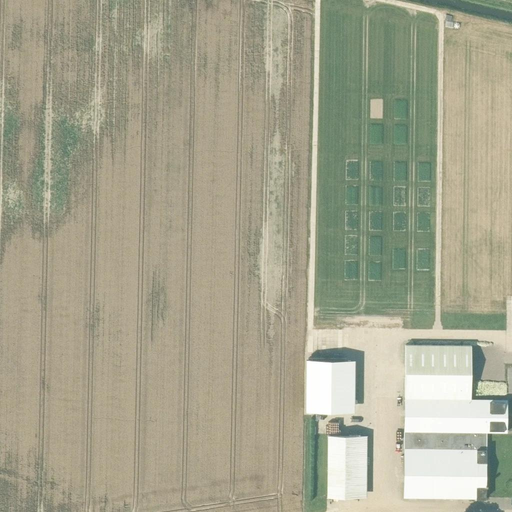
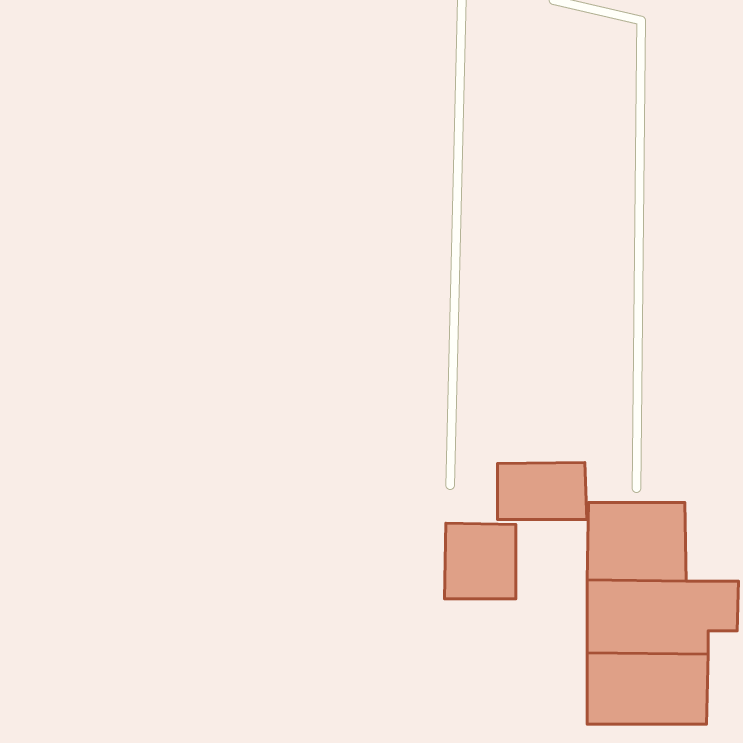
building: none -> [497,462,587,520]
building: [327,438,367,500] -> none

